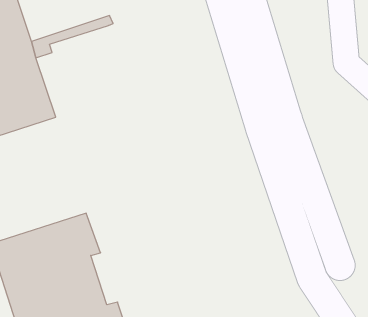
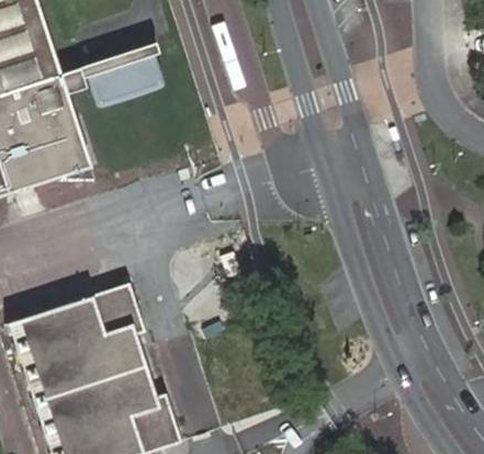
building: none -> [82,54,165,106]

